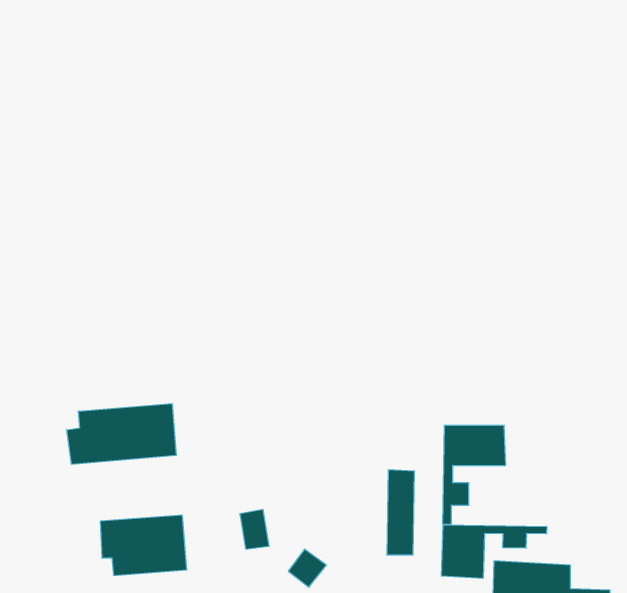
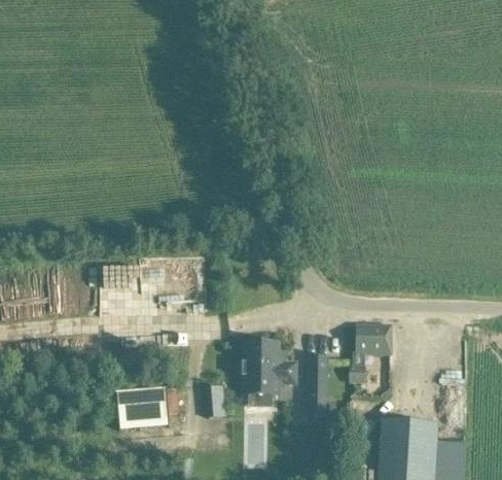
building: [67,404,176,464] -> none
building: none -> [242,344,296,395]
building: [441,525,547,578] -> none

